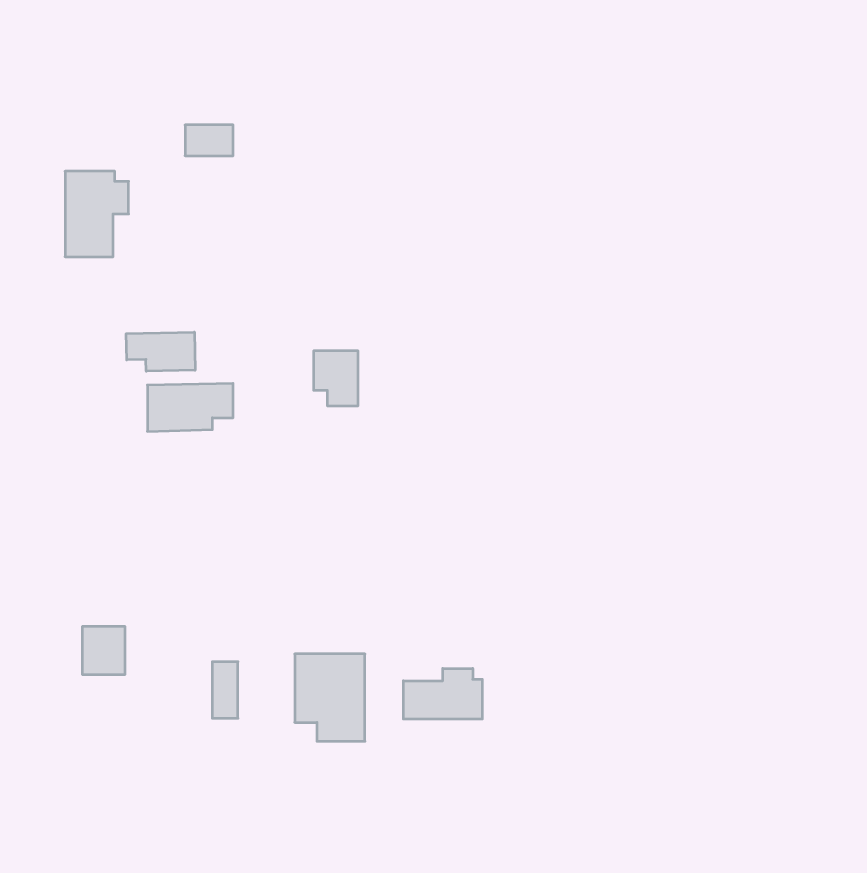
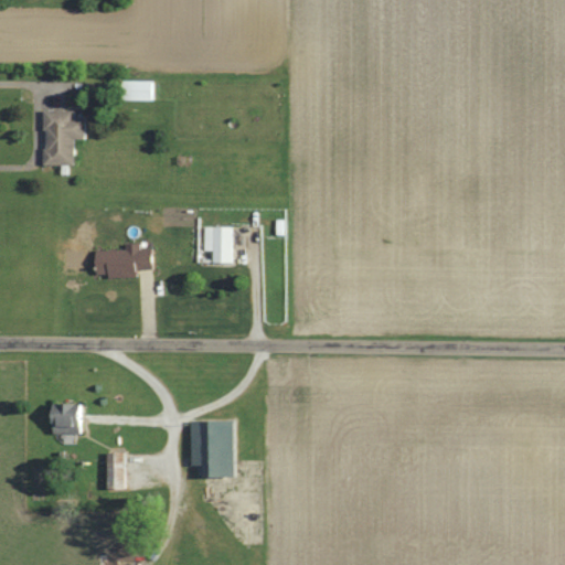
building: [126,332,195,371] -> none
building: [212,662,238,718] -> [106,454,122,490]
building: [403,668,482,719] -> none

